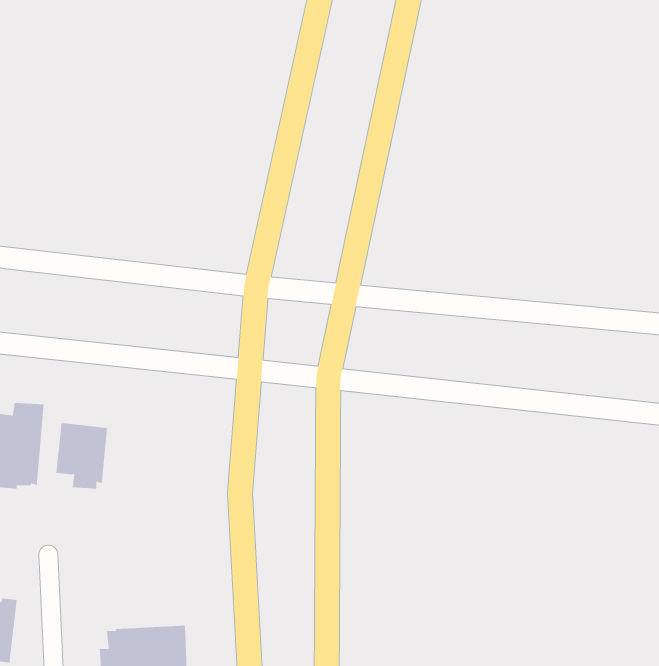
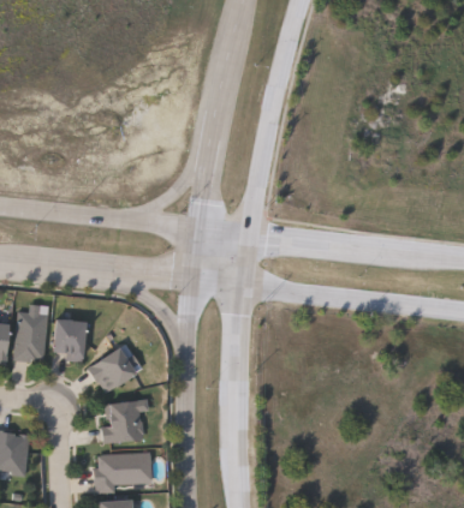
building: none -> [87,343,143,393]
building: none -> [95,399,141,443]

